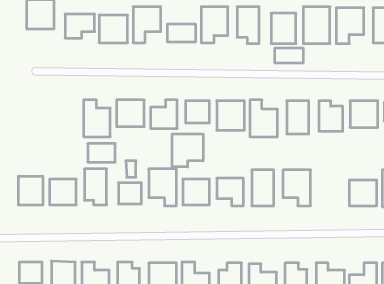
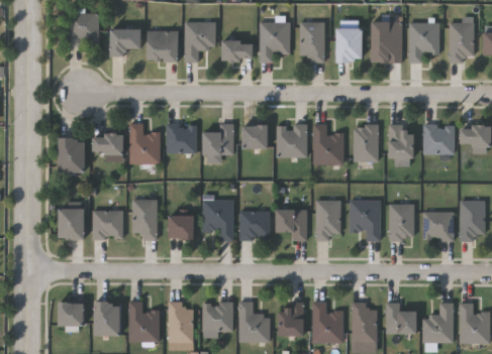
building: [275,48,303,63] -> none
building: none -> [60,138,86,170]
building: [172,134,203,167] -> none
building: [88,144,115,162] -> [94,133,124,153]
building: none -> [388,203,413,239]

